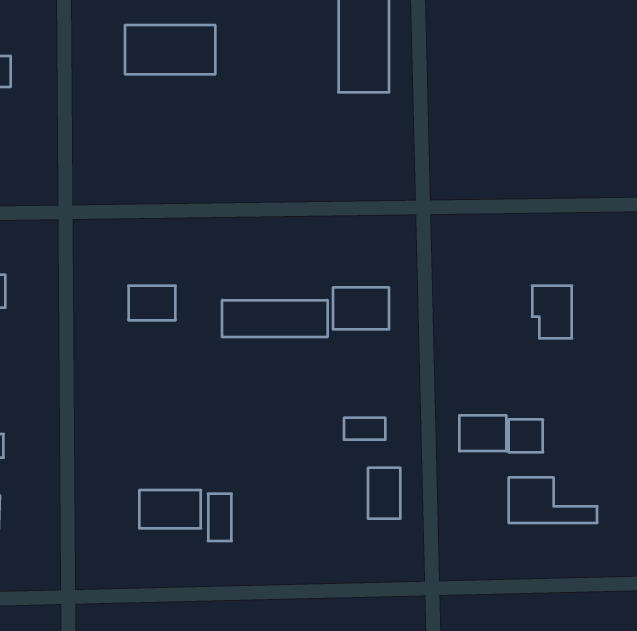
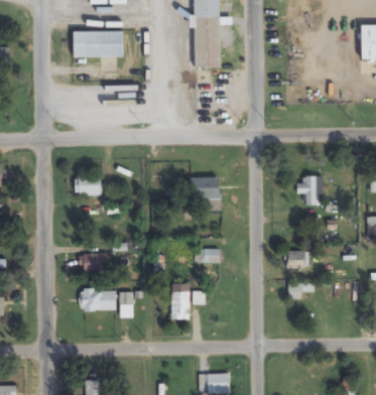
building: [222,300,327,337] -> none
building: [459,415,506,451] -> none
building: none -> [82,254,109,271]
building: [368,468,400,519] -> [171,290,190,318]

